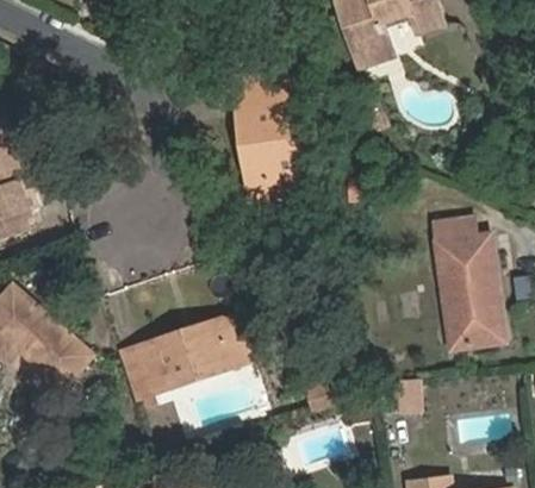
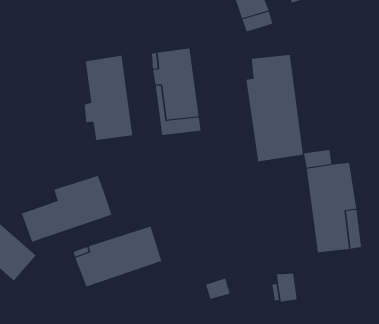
building: none -> [246,54,303,162]
building: none -> [84,55,133,141]
building: none -> [21,175,112,243]

